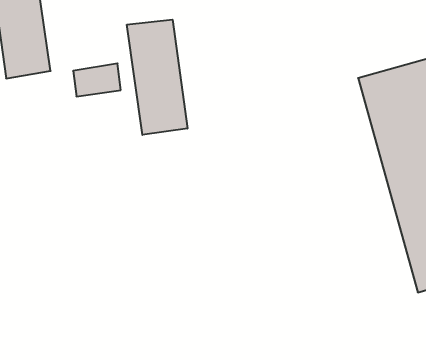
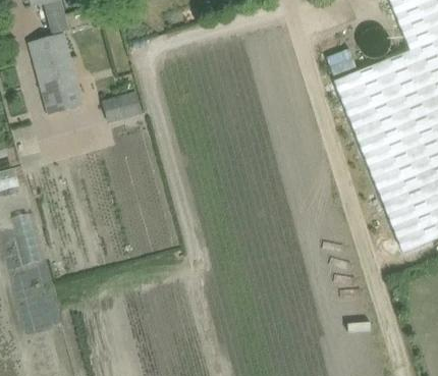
building: [127,20,187,135] -> none

